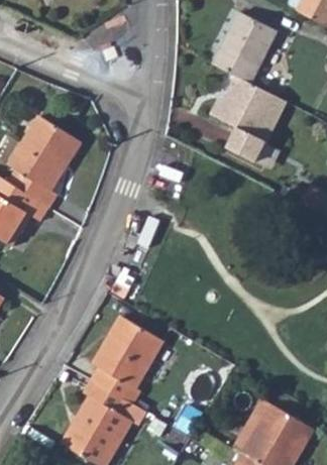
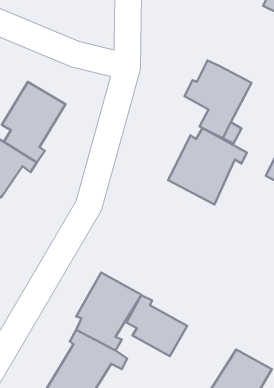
building: [214,13,278,83] -> none
building: none -> [168,128,247,204]
building: none -> [127,295,187,356]

